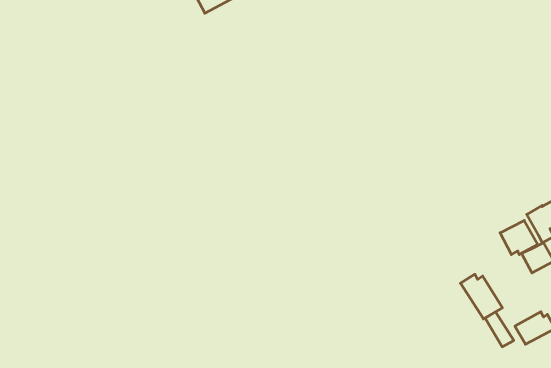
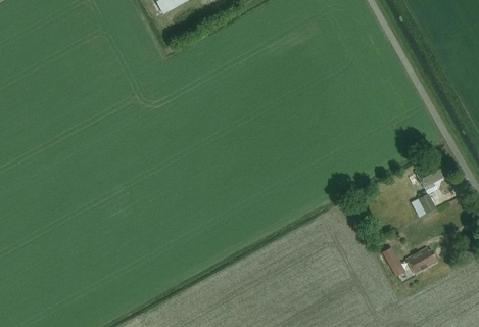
building: [500,220,538,255] -> none
building: [460,274,502,319] -> none

